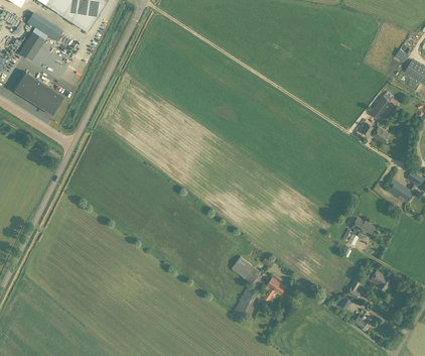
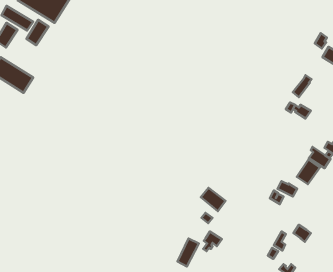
building: none -> [26,20,48,45]
building: none -> [297,159,320,184]
building: [231,256,260,283] -> [201,188,226,211]

